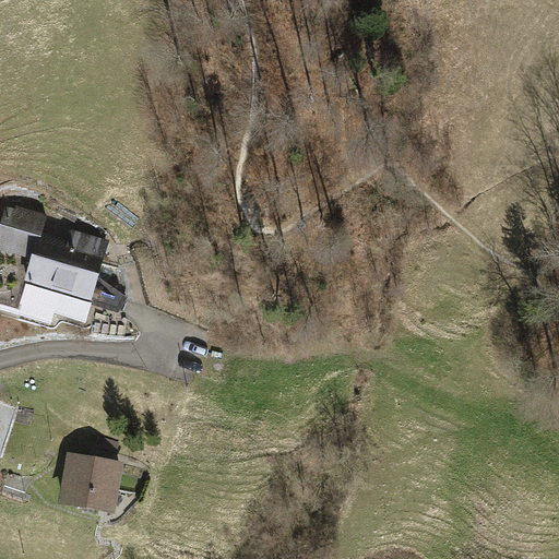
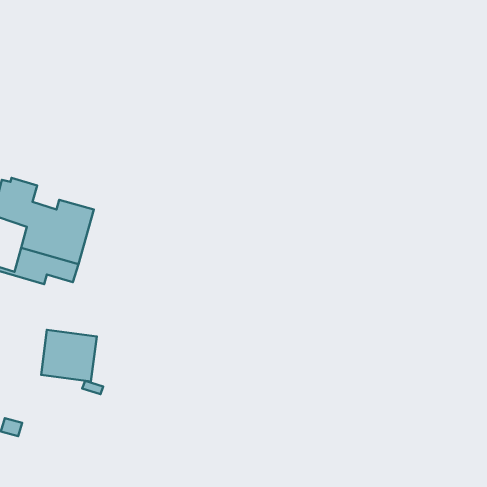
building: [59,453,122,512] -> [41,330,97,382]

